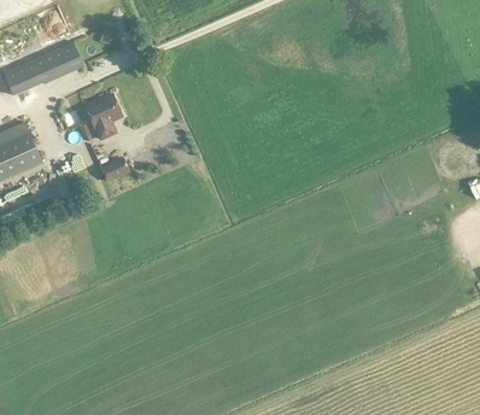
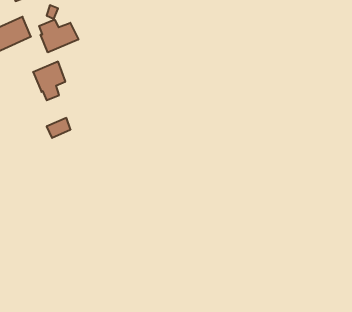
building: none -> [39,20,78,52]

